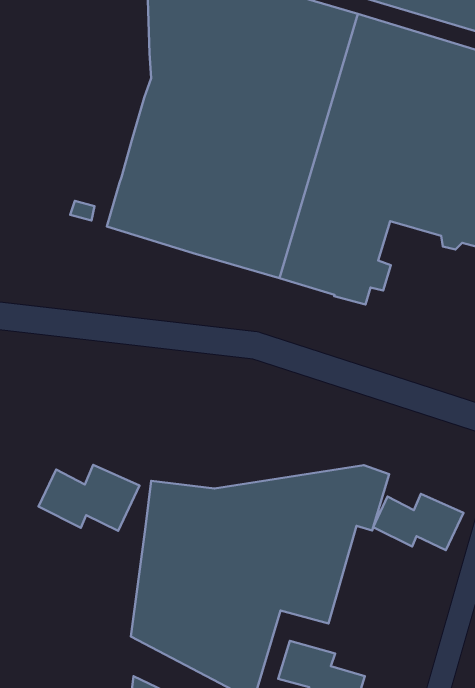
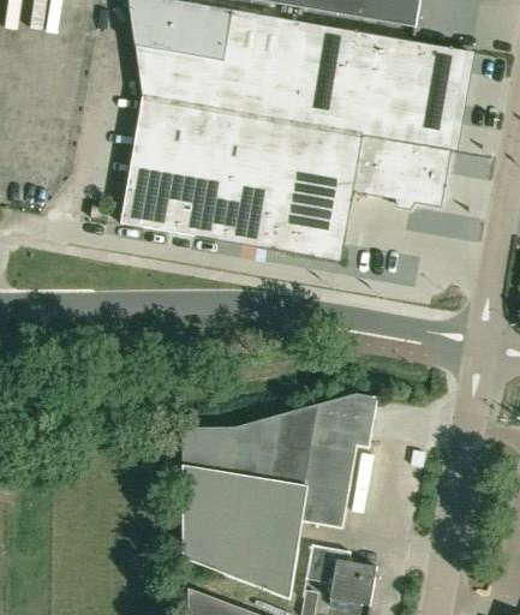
building: [39,465,140,531] -> none
building: [373,494,464,550] -> none

